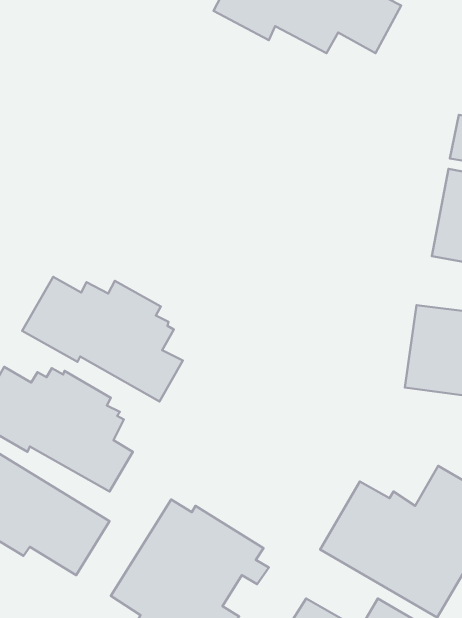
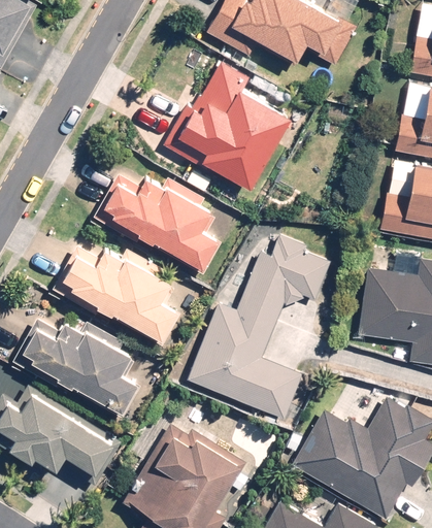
building: none -> [163,62,289,188]
building: none -> [93,174,222,274]
building: none -> [187,234,331,419]

